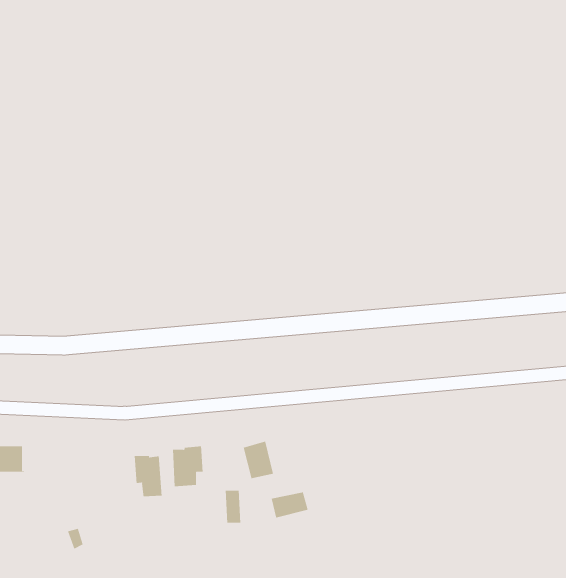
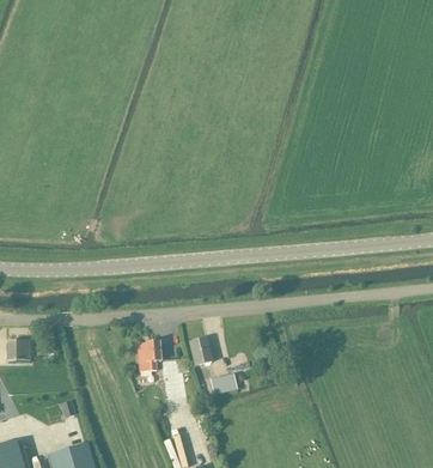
building: [134,455,162,497] -> none

